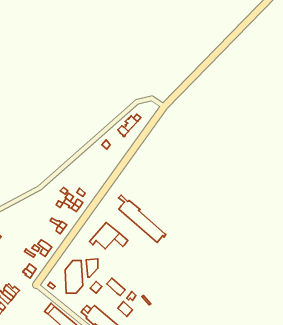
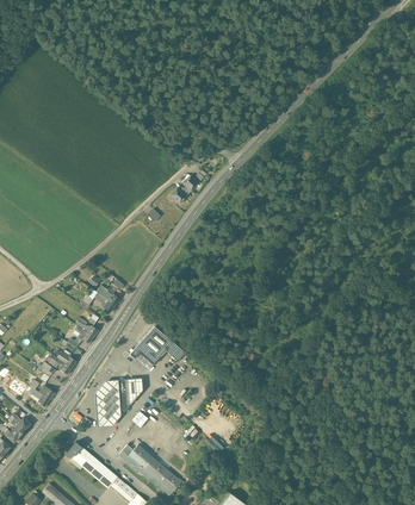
building: [119,195,166,242] -> none

